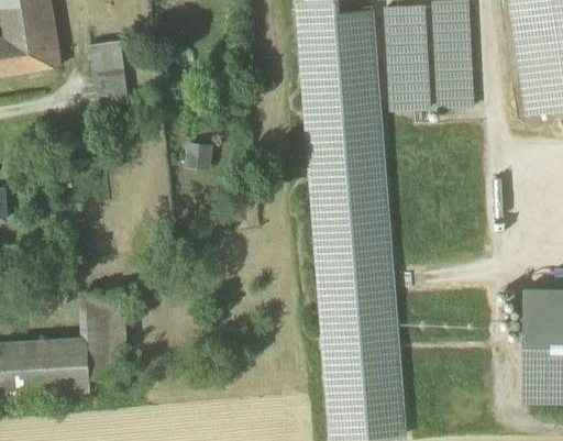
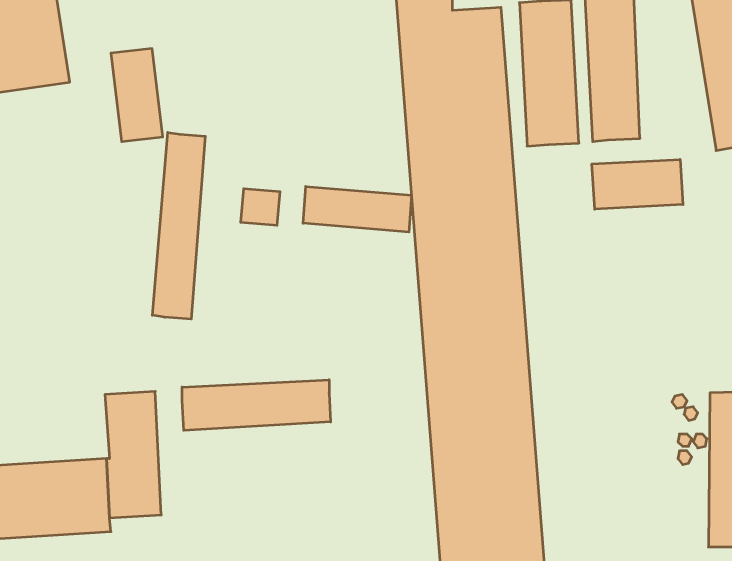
building: none -> [152,132,205,319]
building: none -> [592,159,683,209]
building: none -> [303,186,412,232]
building: none -> [182,380,331,430]

